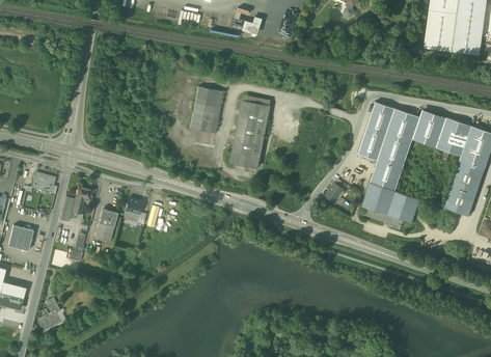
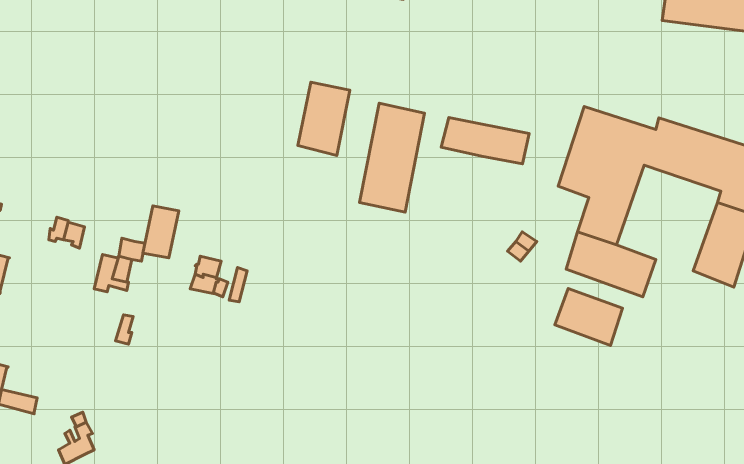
building: none -> [441,118,529,164]
building: [94,208,117,241] -> [143,206,179,258]
building: none -> [555,288,623,345]
building: [8,224,33,250] -> none

